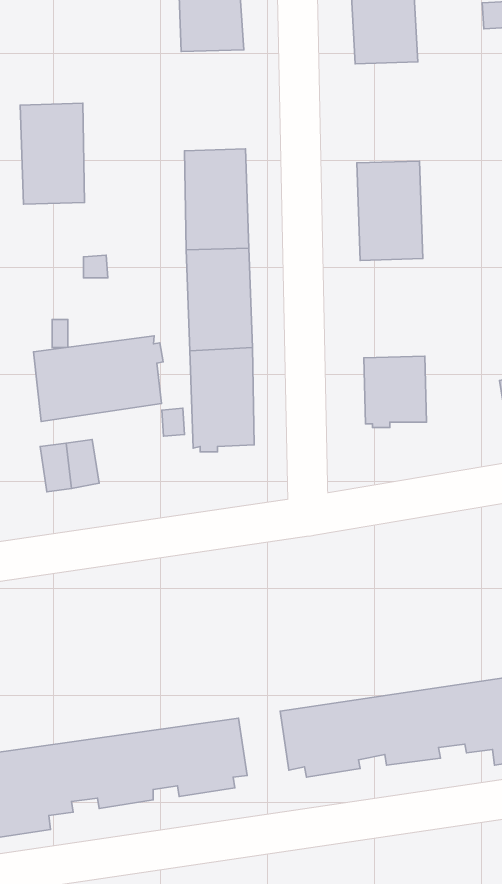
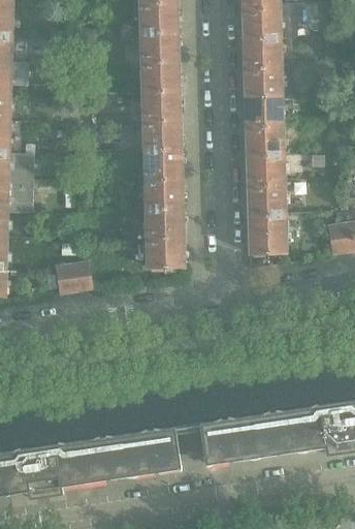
building: none -> [244,39,282,99]
building: [20,103,84,204] -> [140,32,179,92]
building: none -> [247,156,285,215]
building: [34,336,163,422] -> none

